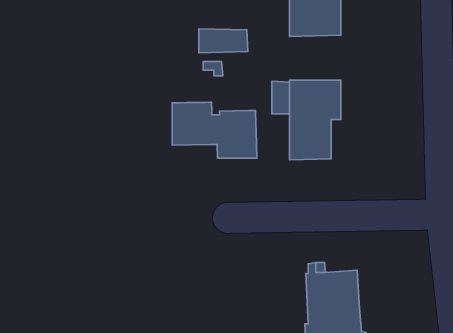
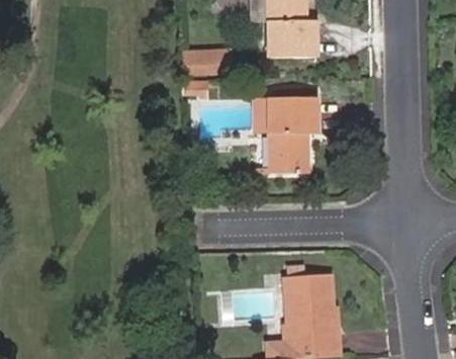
building: [172,102,257,158] -> none

